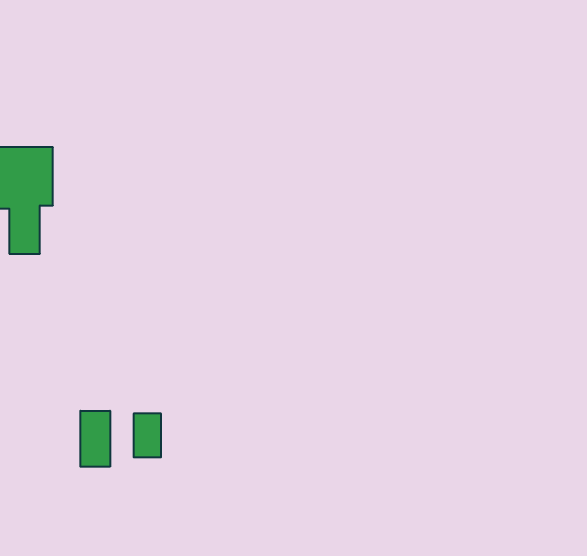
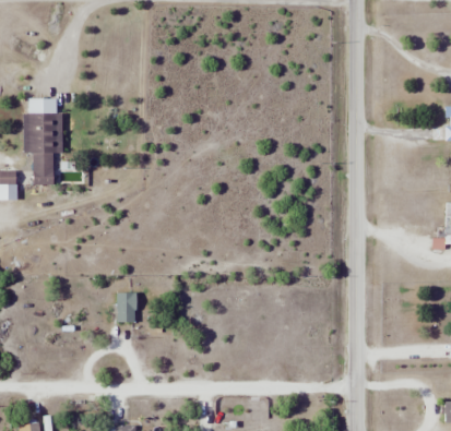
building: [80,411,110,467] -> none

